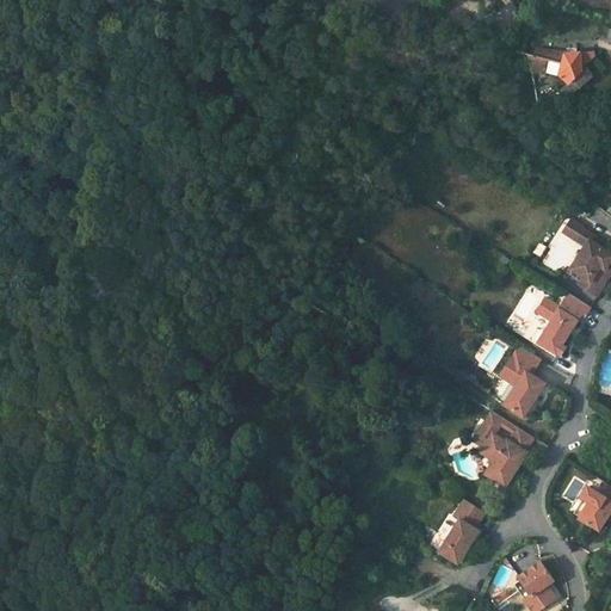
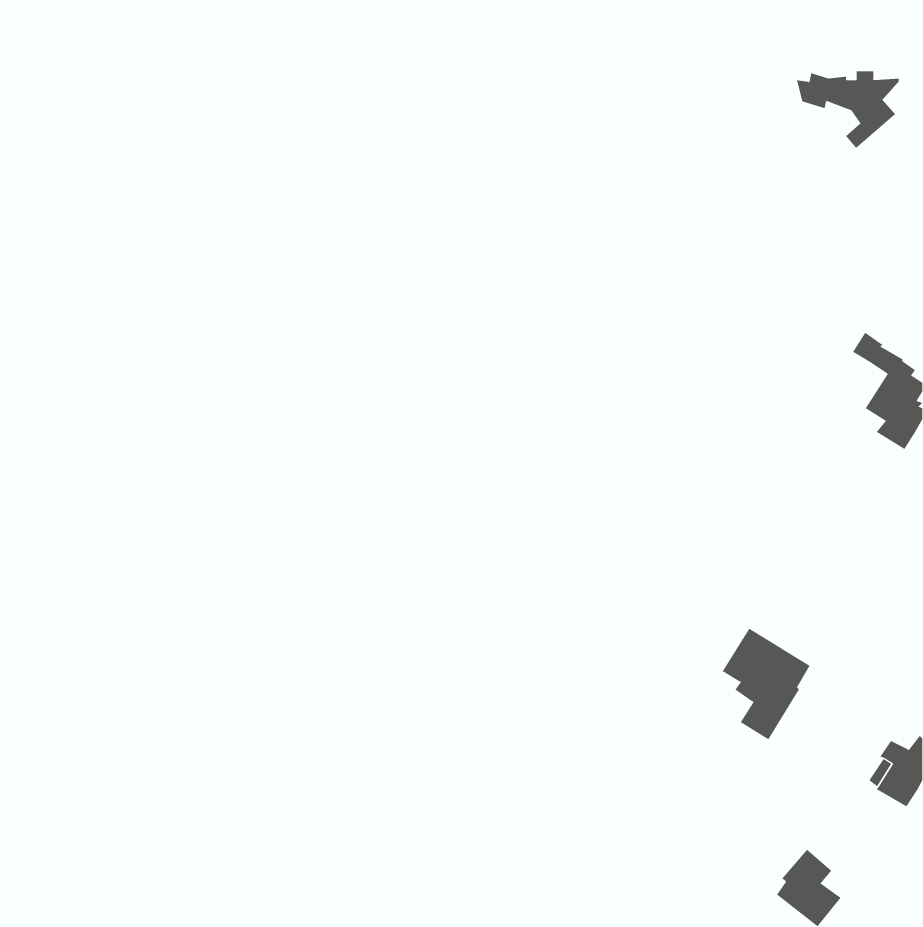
building: [535,294,590,357] -> none
building: [499,345,544,416] -> none
building: [437,500,485,554] -> none

